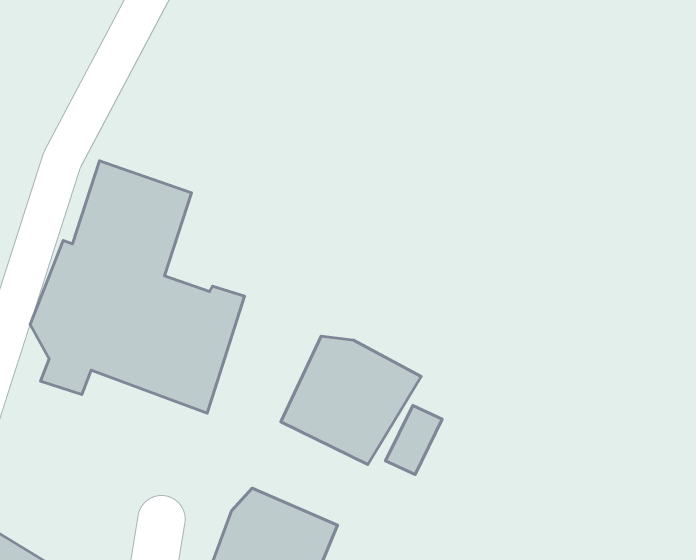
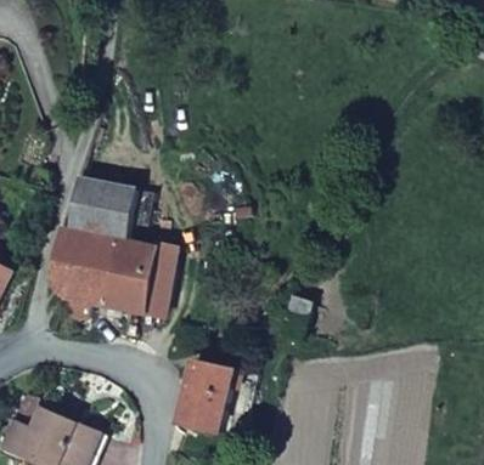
building: [281,336,421,464] -> none

